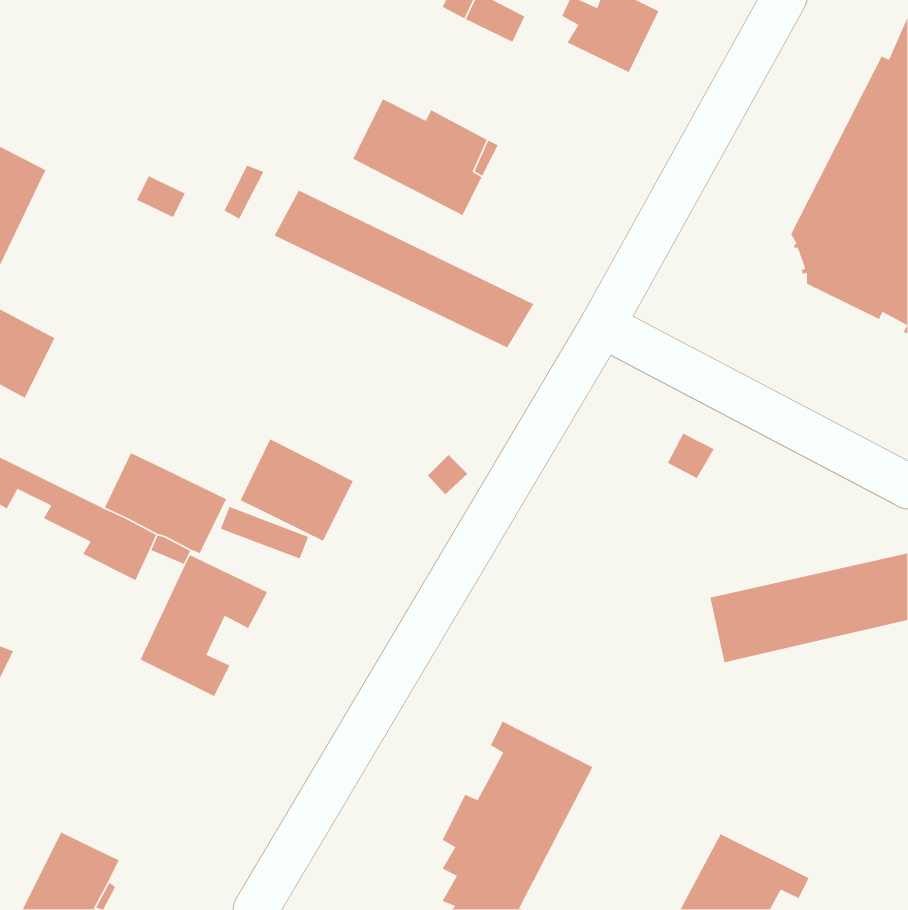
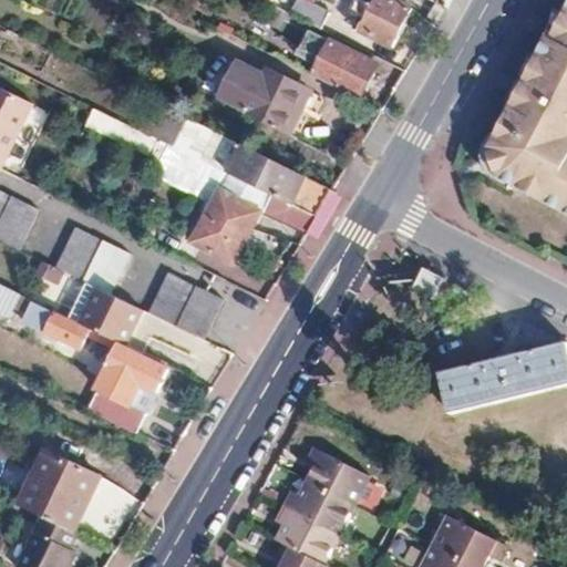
building: none -> [300,30,375,97]
building: none -> [190,189,258,261]
building: none -> [55,227,127,291]
building: none -> [16,449,97,530]

